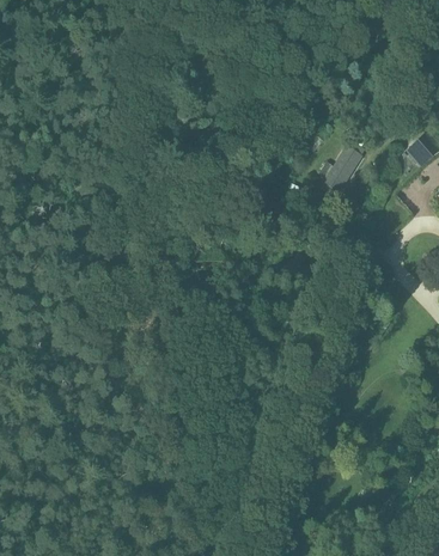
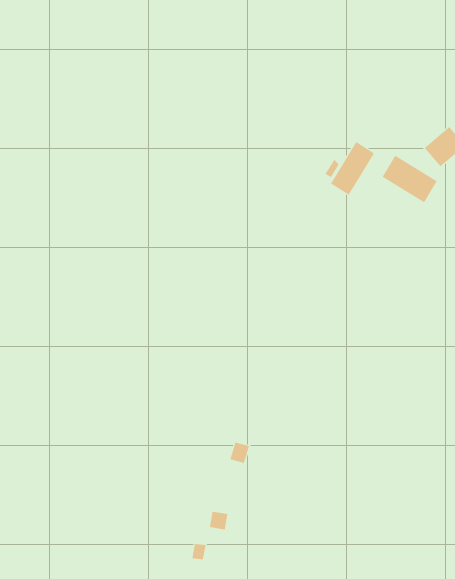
building: none -> [382,155,437,203]

